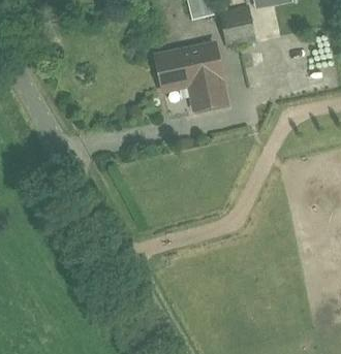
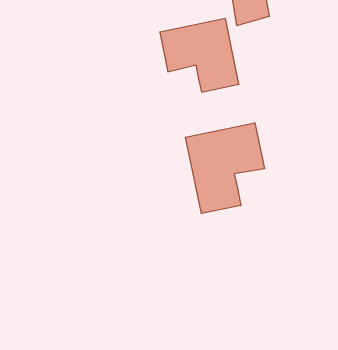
building: none -> [186,123,264,214]

